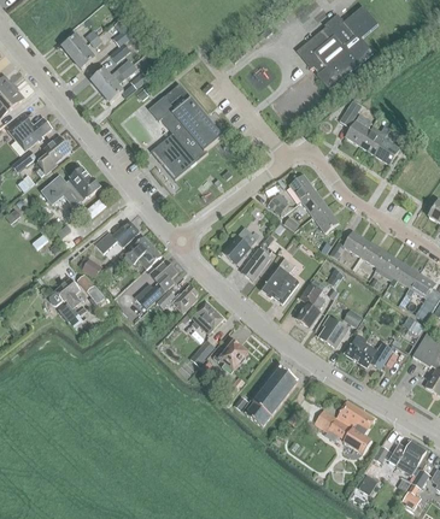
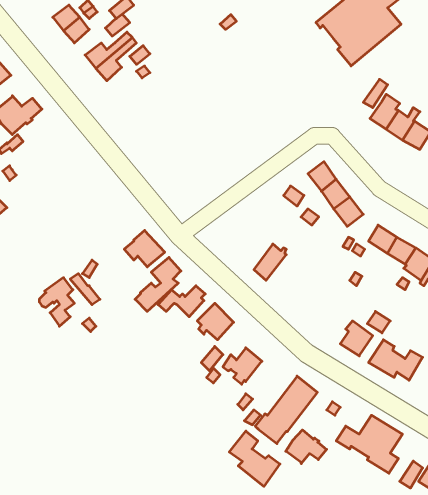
building: [148,83,223,178] -> none
building: [37,135,70,173] -> none
building: [40,166,100,205] -> none
building: [95,220,139,252] -> none
building: [222,226,257,263] -> none
building: [259,258,299,302] -> none
building: [295,281,324,326] -> none
building: none -> [286,430,327,464]
building: none -> [229,431,280,486]

